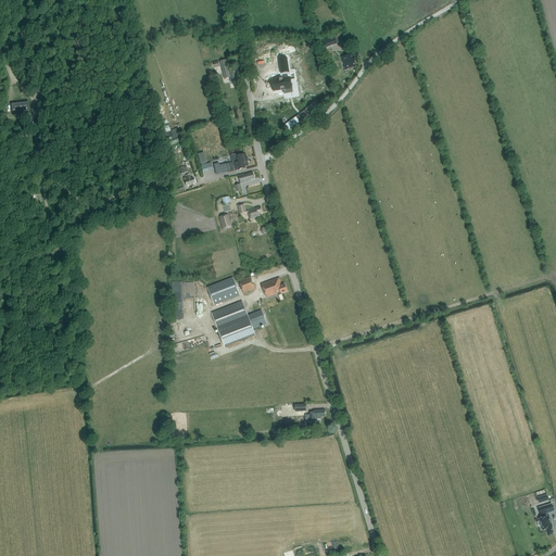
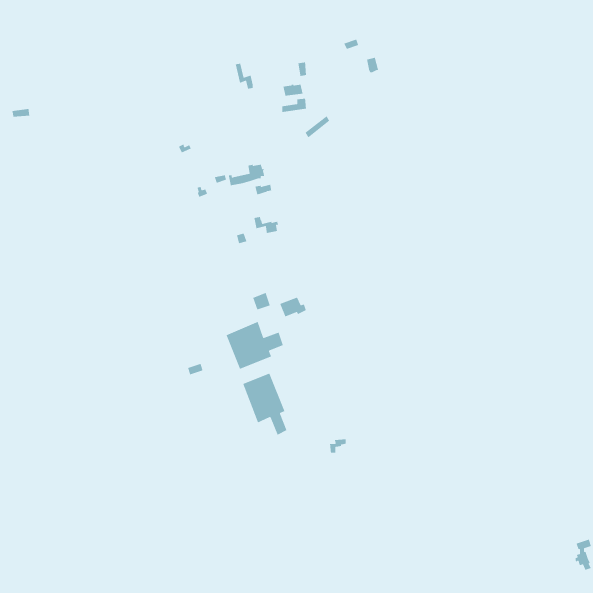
building: [207,276,239,303] -> none
building: none -> [242,373,288,436]

